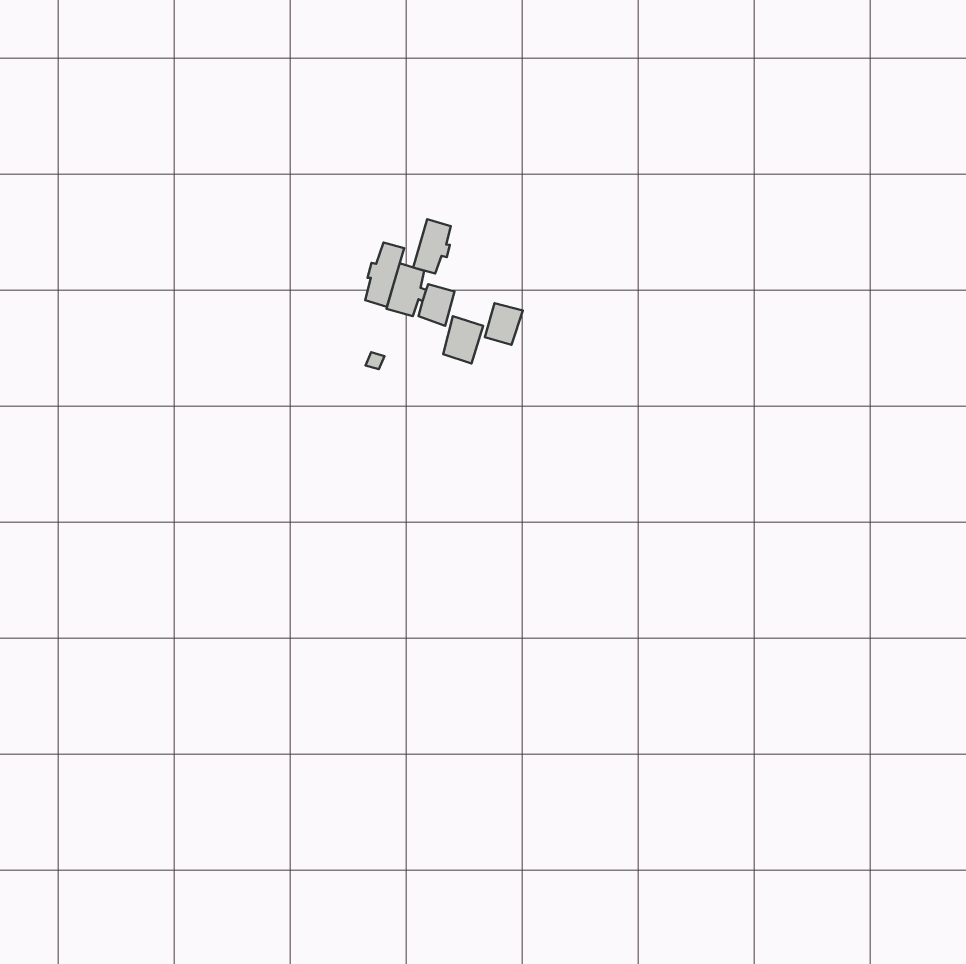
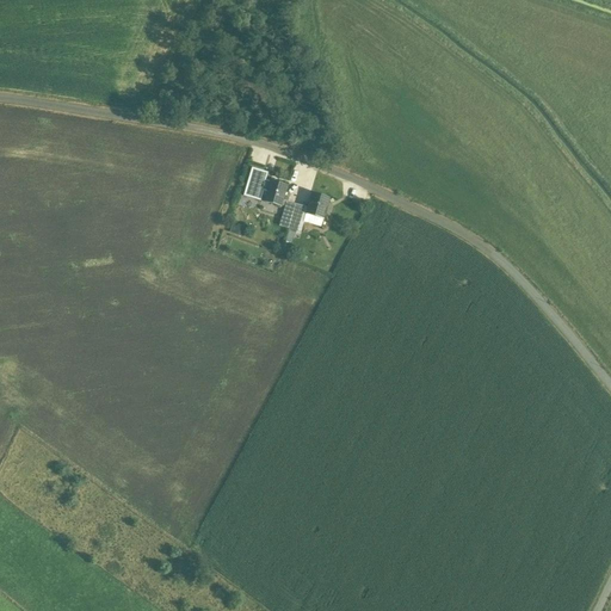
building: [413,219,451,273] -> none
building: [365,243,404,307] -> none

